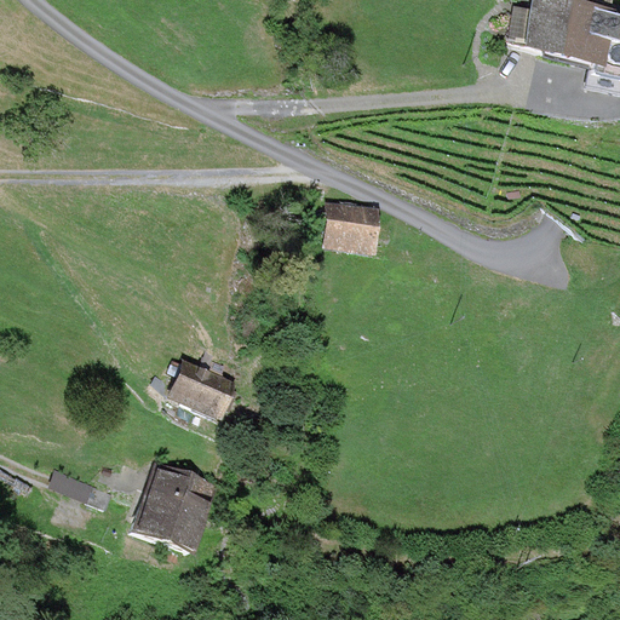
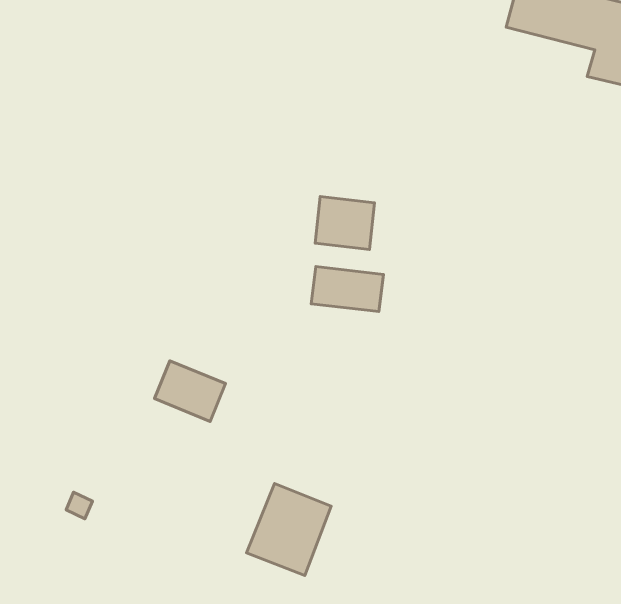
building: none -> [311,266,384,312]
building: [131,465,212,553] -> [247,483,331,576]

